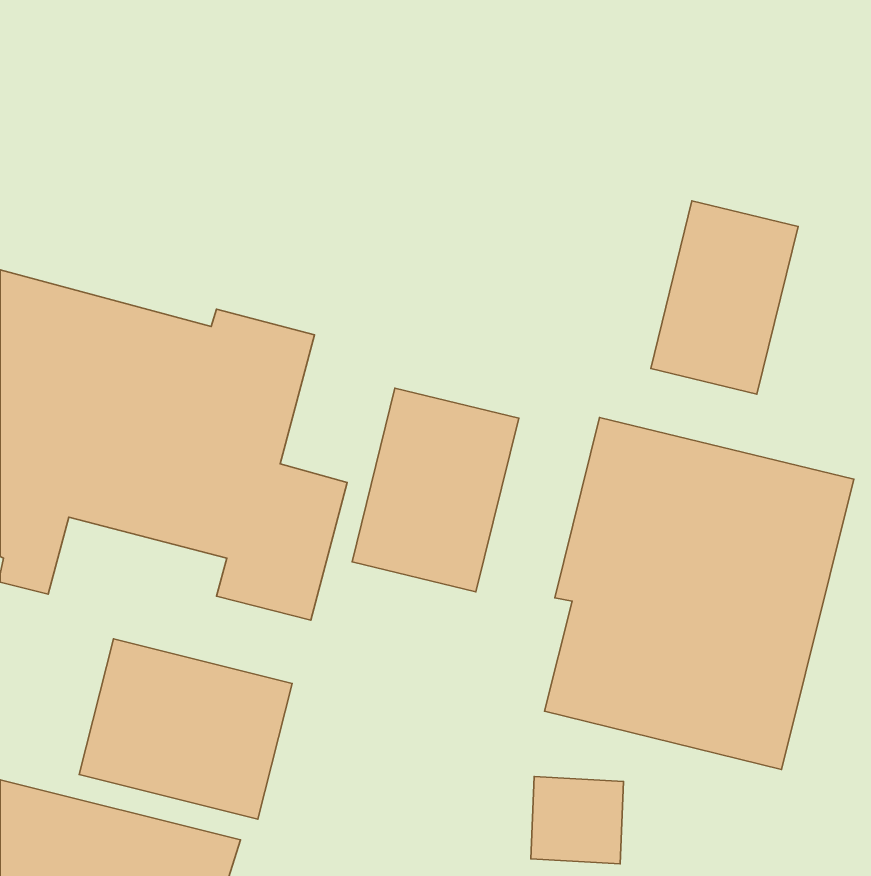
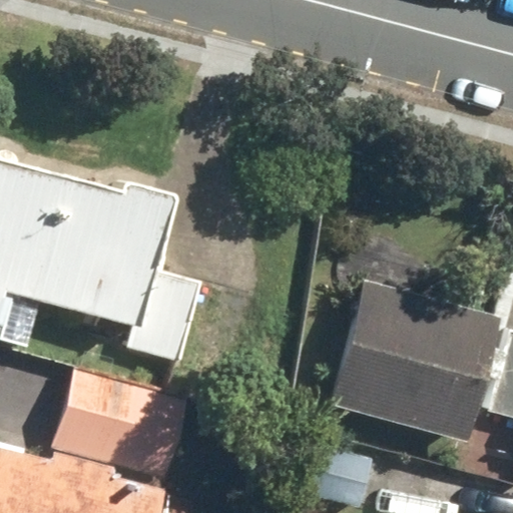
building: [651,201,798,394] -> none
building: [352,388,519,592] -> none

